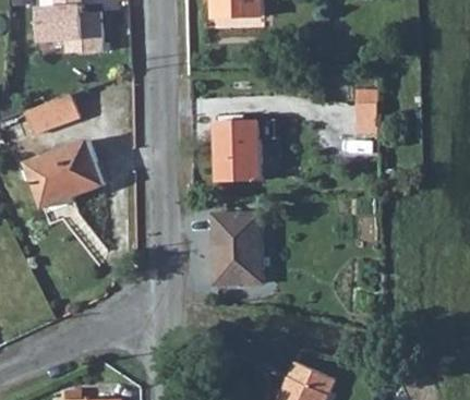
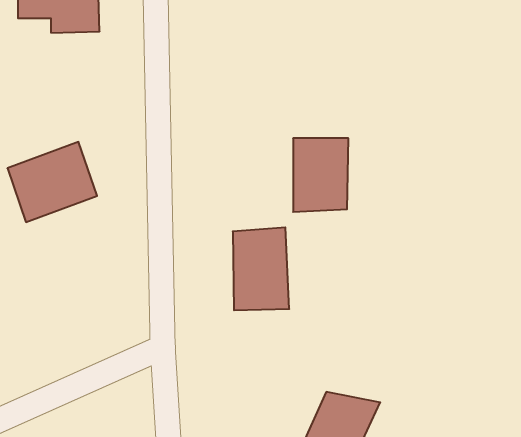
building: [355,87,378,132] -> none
building: [29,94,79,133] -> none
building: [210,123,256,184] -> [293,138,348,212]

